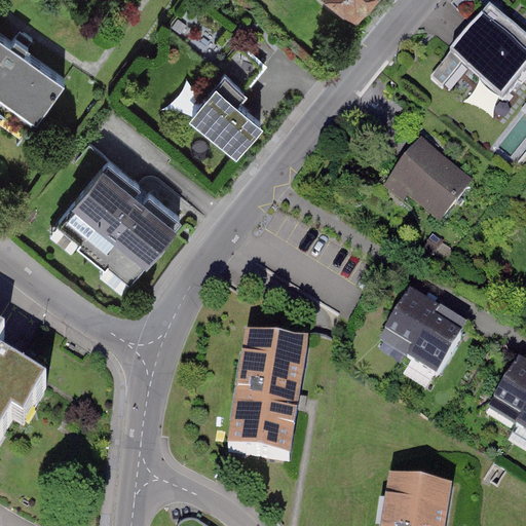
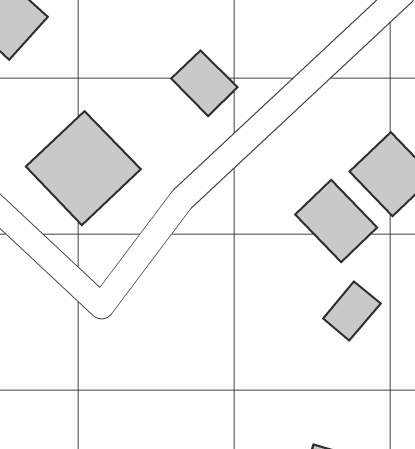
building: none -> [295,180,377,262]
building: [411,313,467,375] -> none
building: [225,334,309,466] -> none

